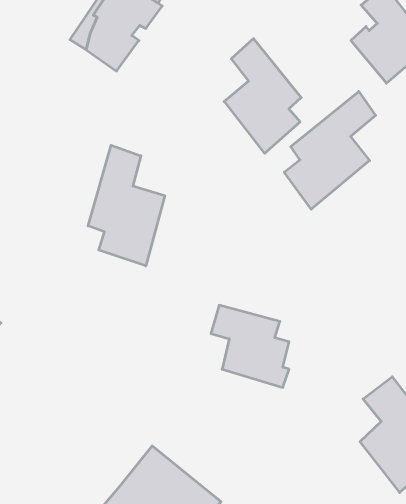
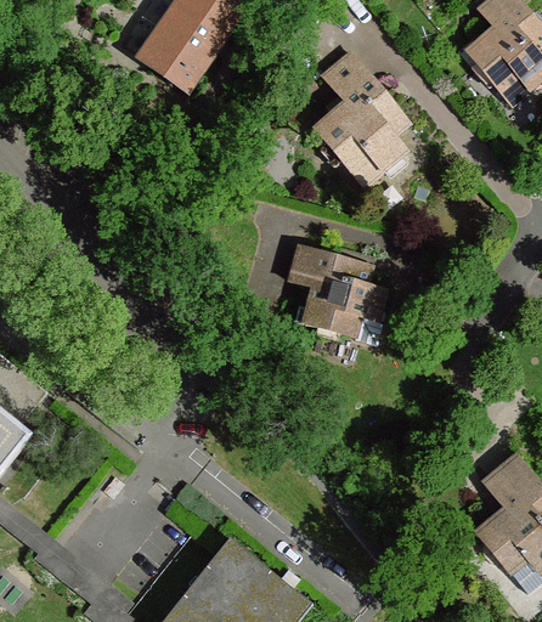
building: [284,91,376,209] -> none
building: [88,145,165,266] -> none
building: [211,305,289,387] -> [288,247,382,345]

